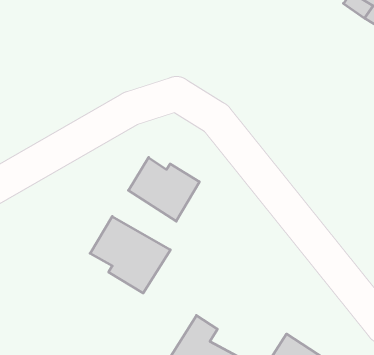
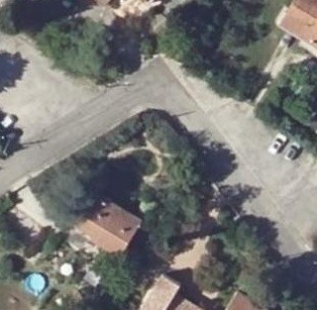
building: [128,157,199,221] -> none

